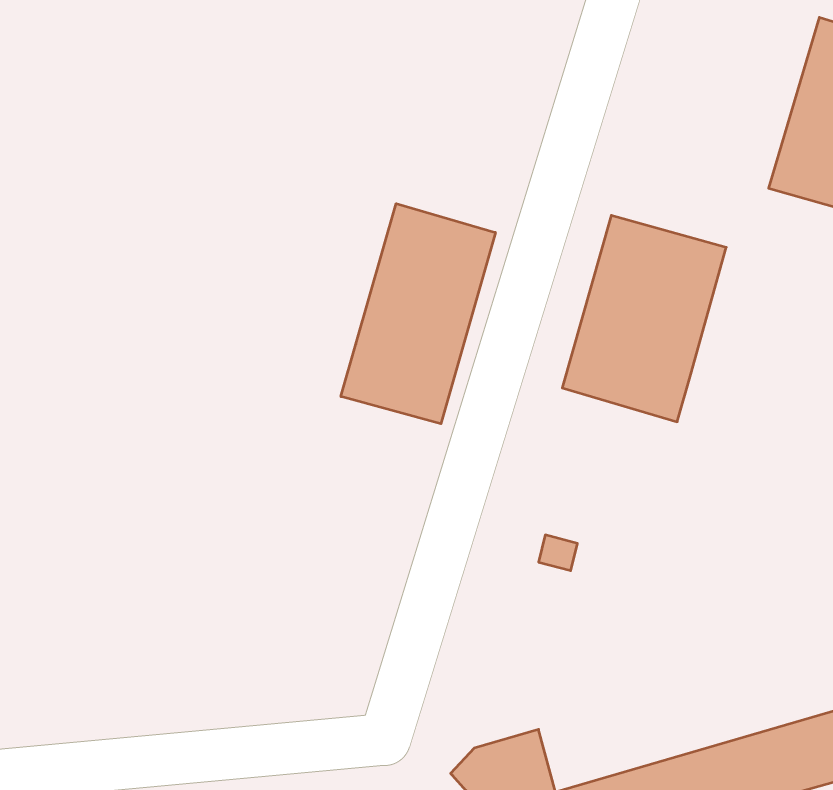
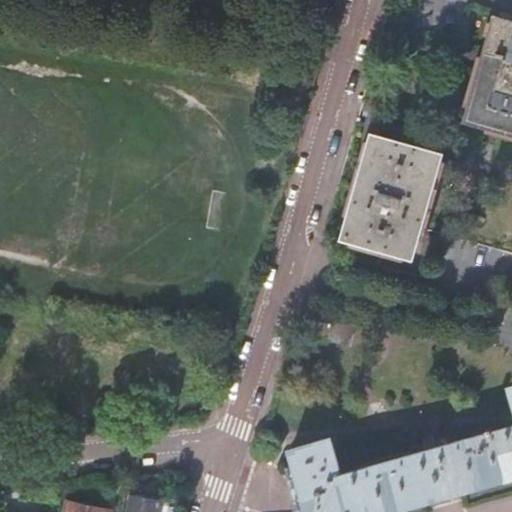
building: [341,204,495,424] -> none

